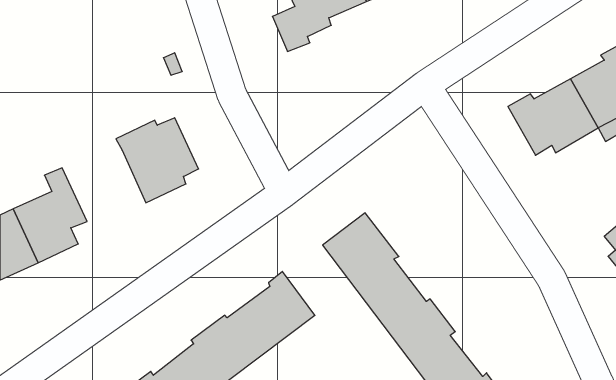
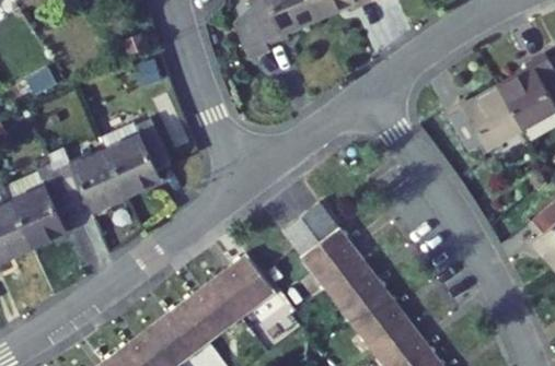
building: none -> [55,147,128,210]

